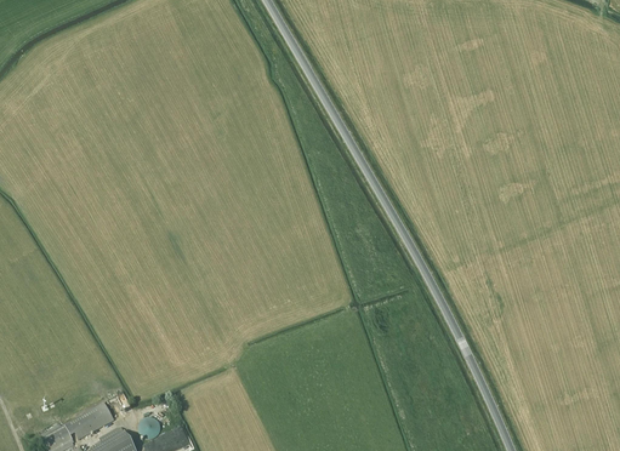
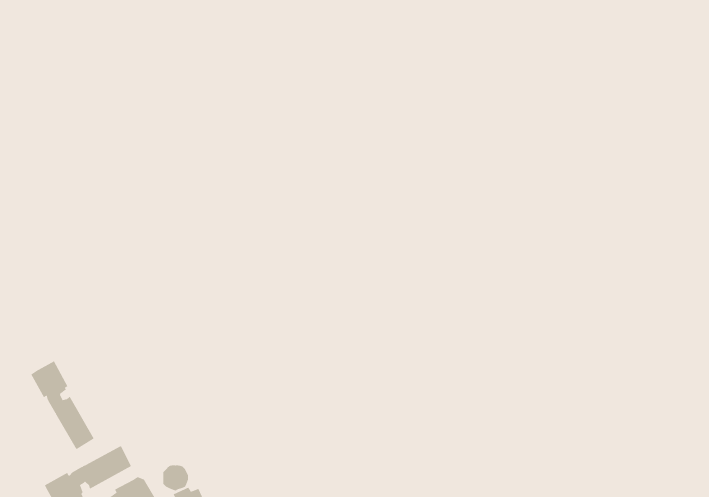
building: none -> [31,361,94,450]

